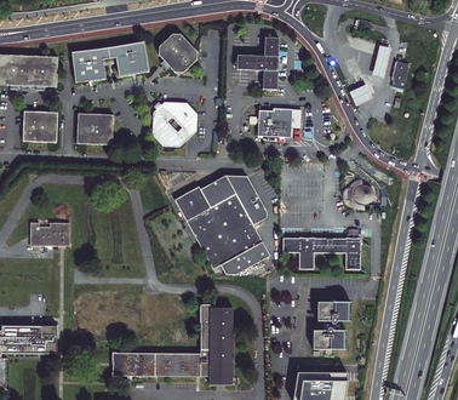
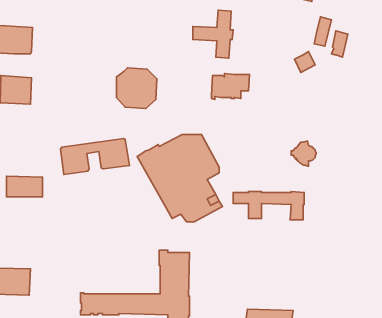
building: [158,34,196,74] -> none
building: [71,42,148,82] -> [61,138,129,174]
building: [76,113,113,144] -> none
building: [310,305,349,354] -> none

